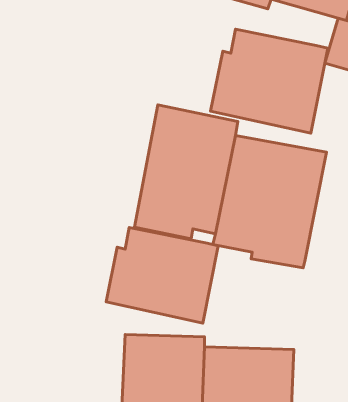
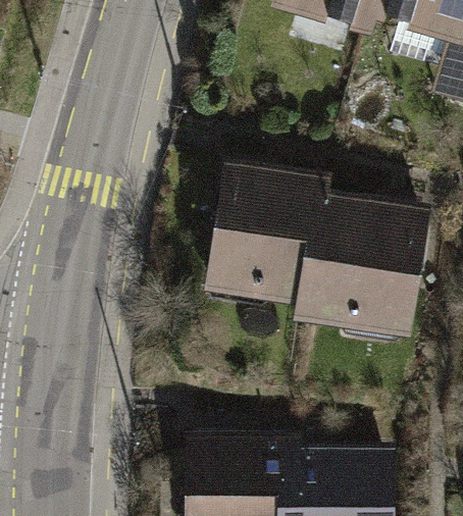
building: [211,29,328,133] -> none
building: [106,227,218,323] -> none

